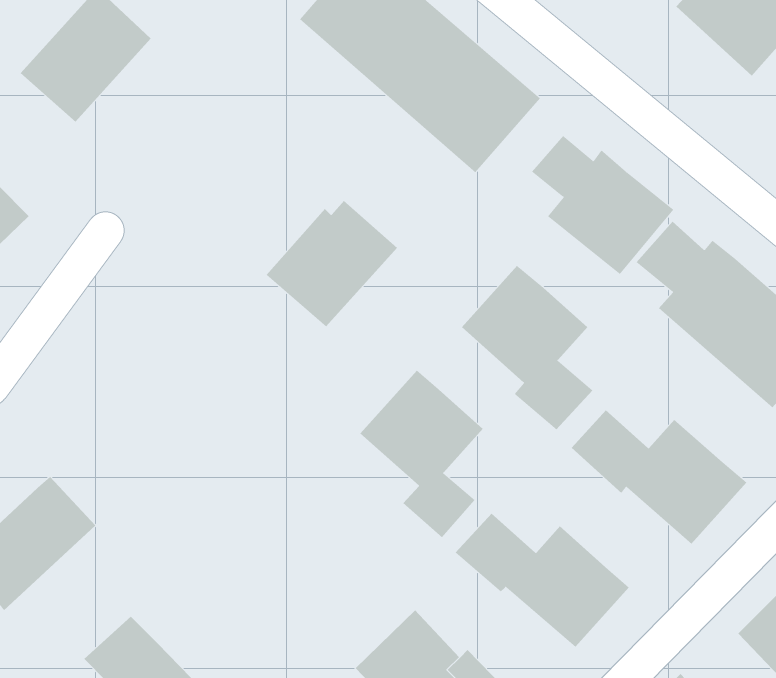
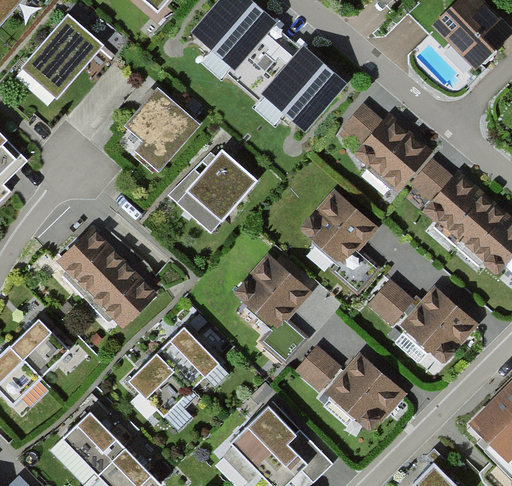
building: none -> [123,87,196,170]
building: none -> [54,227,153,328]
building: none -> [124,324,216,415]

